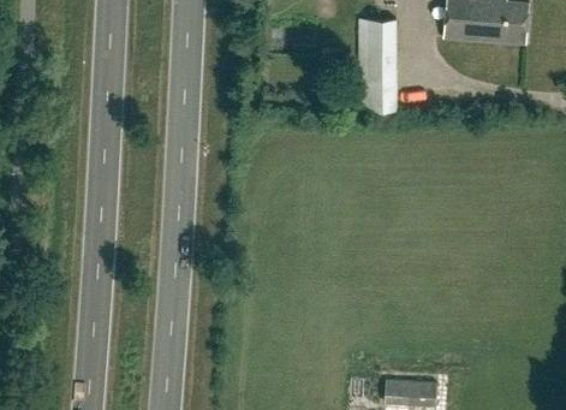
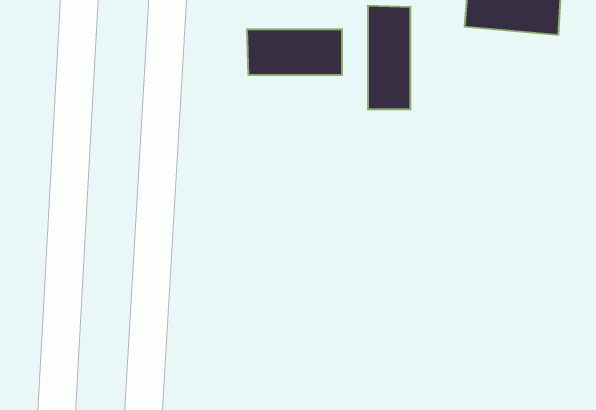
building: none -> [247,29,342,75]

